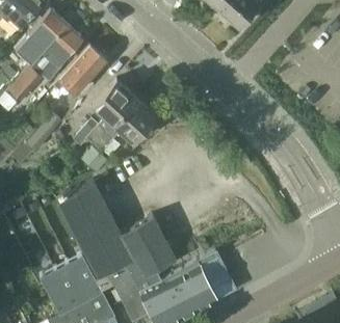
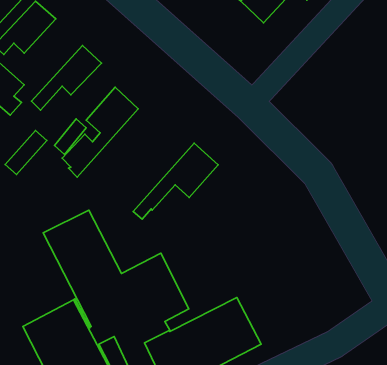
building: [42,24,84,80] -> none
building: [85,98,155,160] -> [133,143,218,219]

